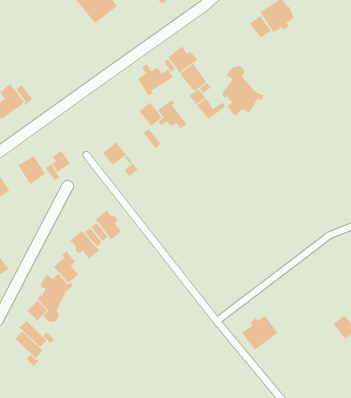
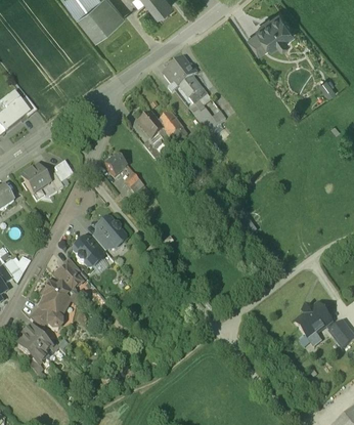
building: [137,64,174,96] -> none
building: [222,65,264,116] -> none
building: [241,315,279,351] -> [296,303,333,338]

